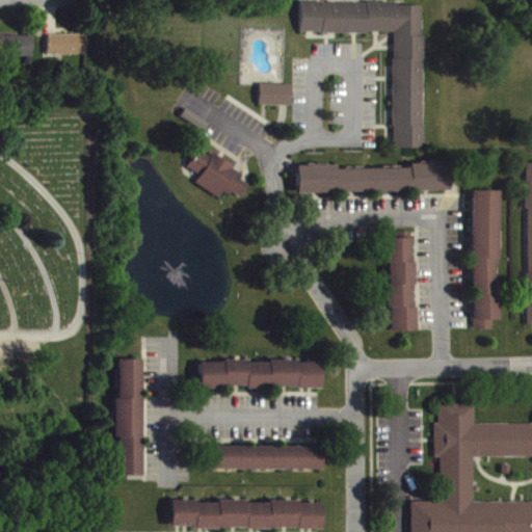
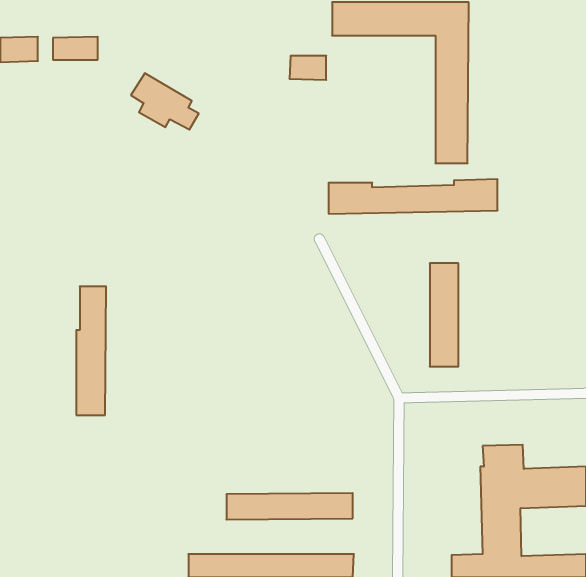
building: [259,83,292,105] -> [289,56,326,80]
building: [188,148,249,198] -> [131,73,199,130]
building: [474,190,502,330] -> none
building: [115,358,142,475] -> [76,286,106,415]
building: [198,361,320,388] -> none

